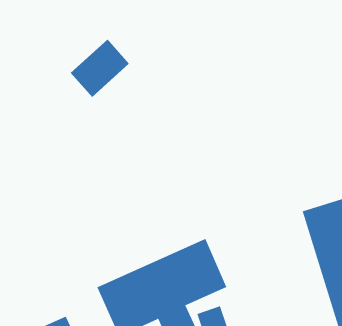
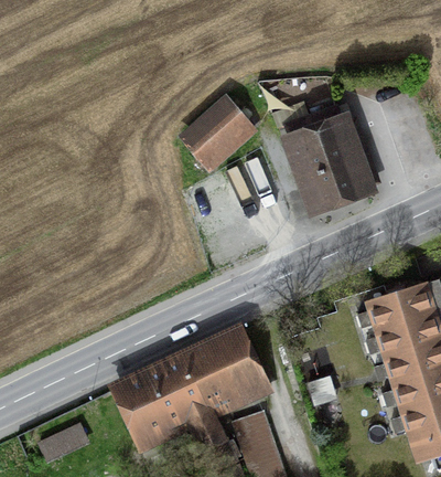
building: [70,39,130,98] -> [184,99,256,170]
building: none -> [279,105,383,216]

